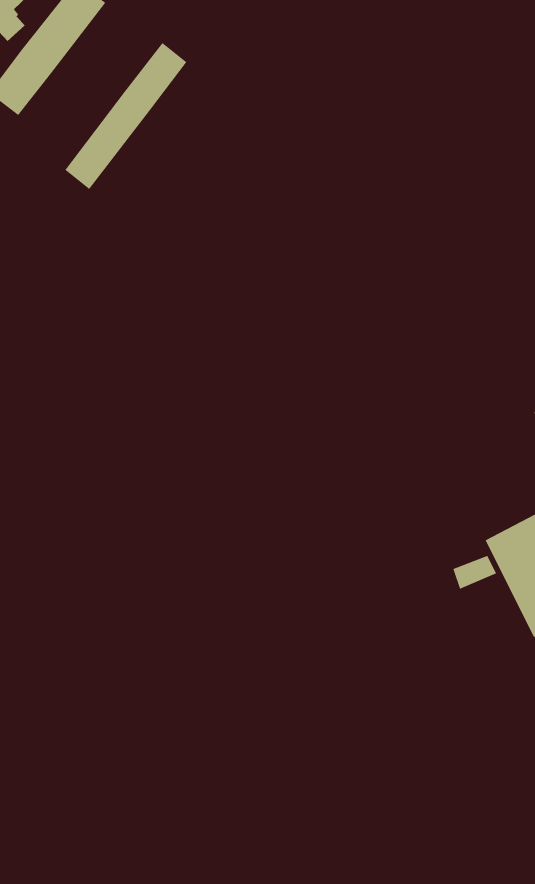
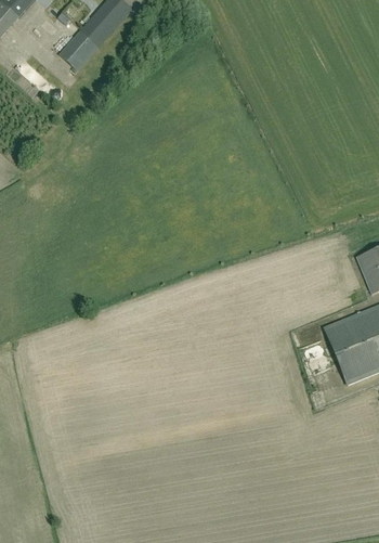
building: [65,42,187,190] -> none

